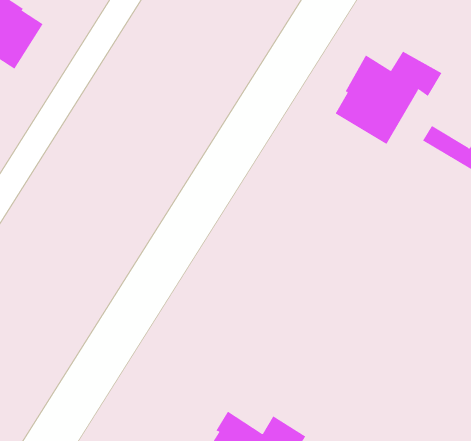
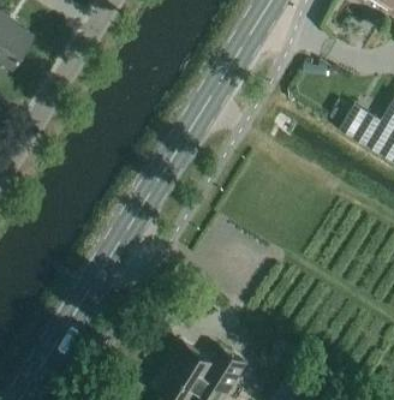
building: [335,51,442,145] -> none

